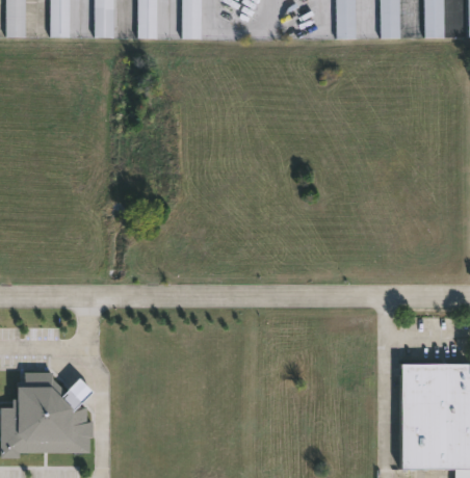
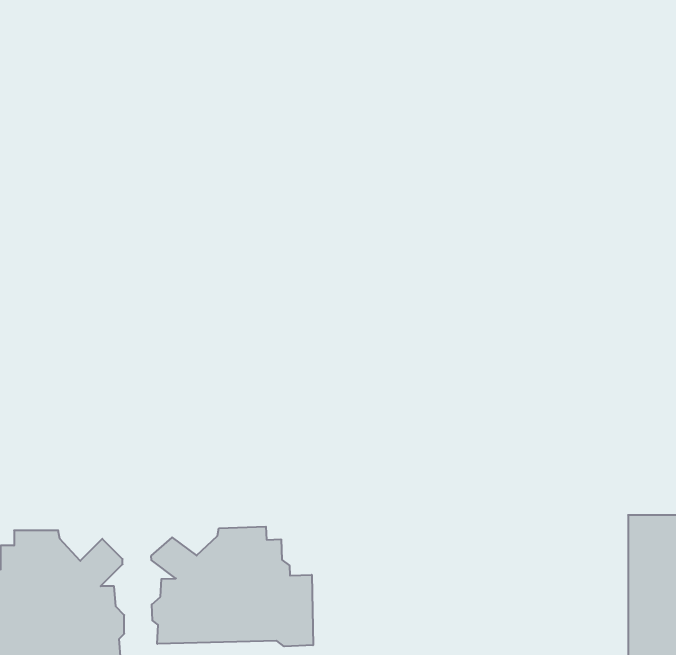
building: none -> [151,527,313,646]

